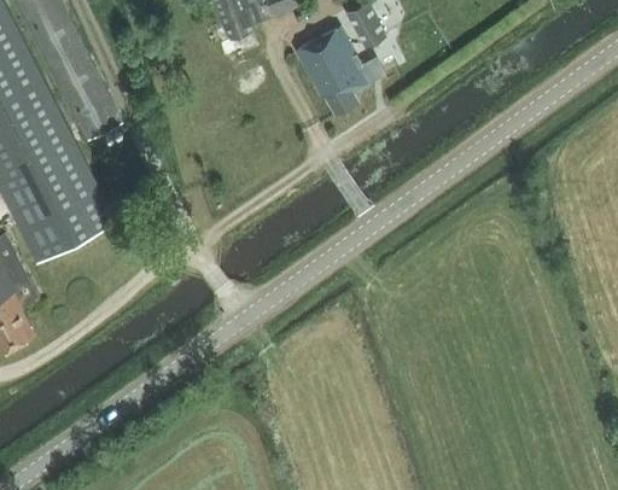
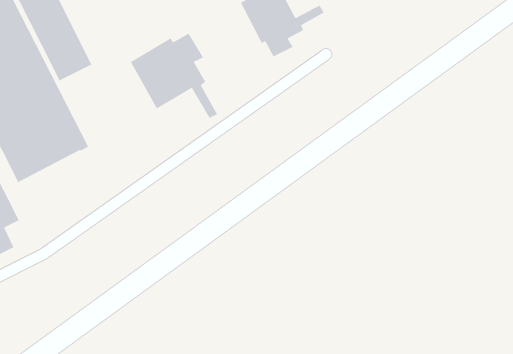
building: none -> [130,32,218,119]

